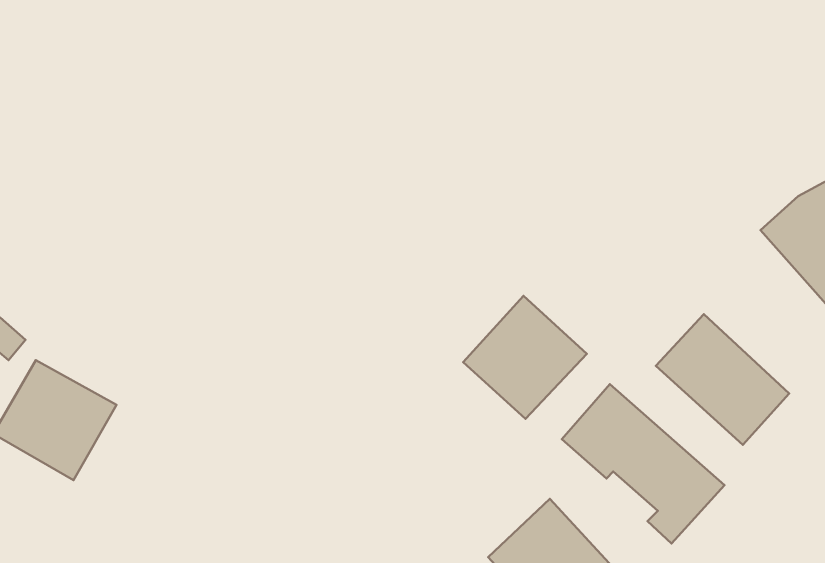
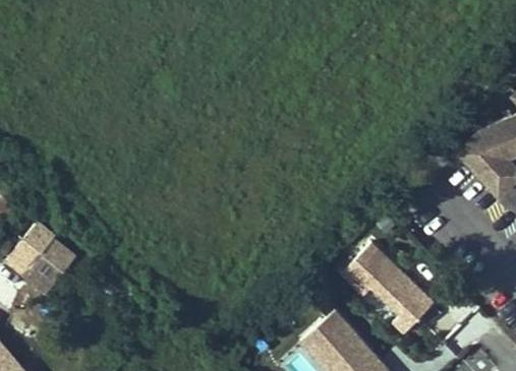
building: [463,296,587,419] -> none
building: [656,314,789,445] -> none

